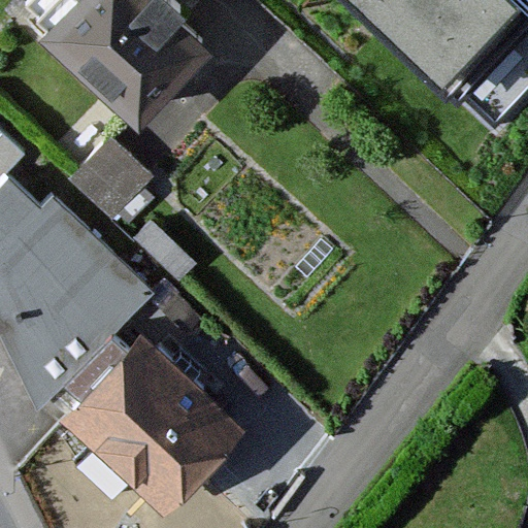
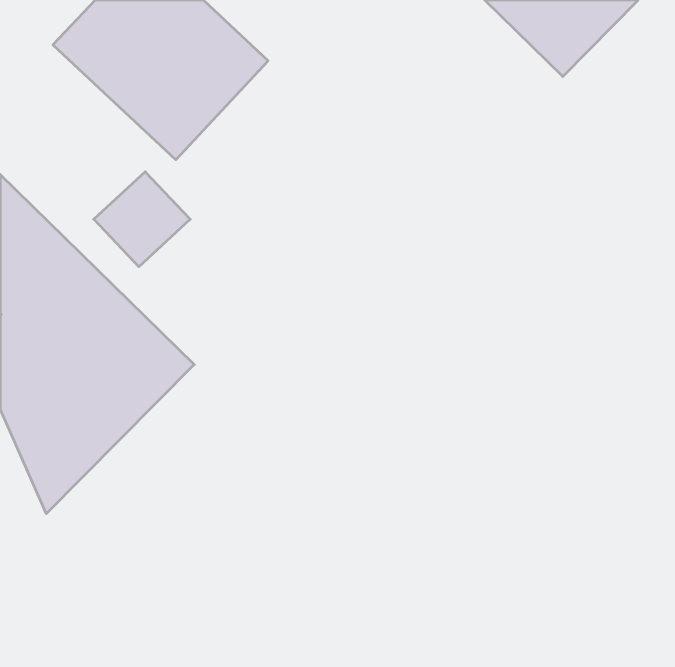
building: [73,350,233,507] -> none

